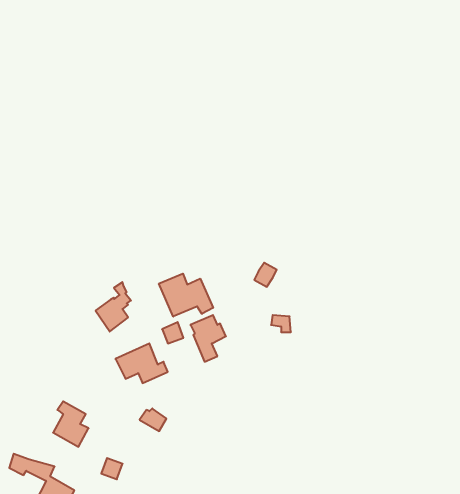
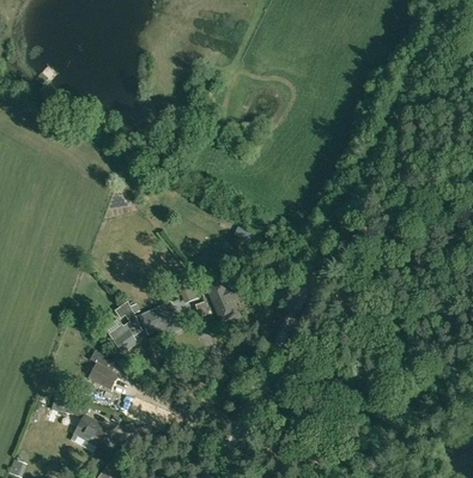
building: [159,274,213,317] -> none
building: [96,282,131,332] -> [109,311,139,353]

